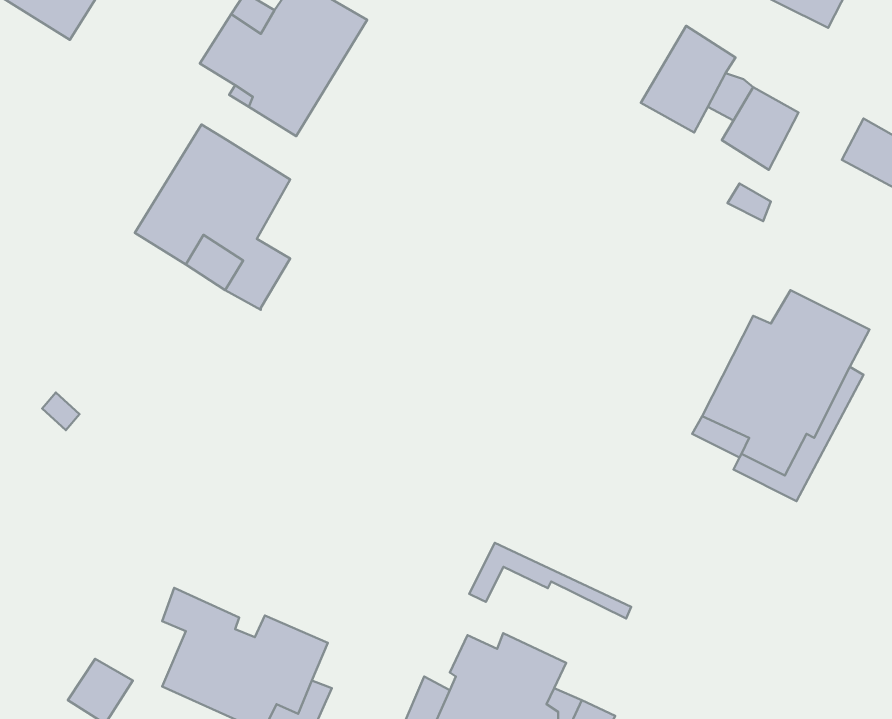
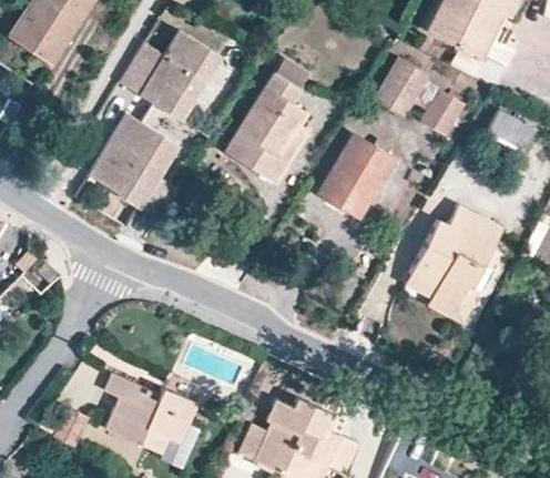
building: none -> [225,73,307,183]
building: none -> [319,135,394,216]
building: [469,543,631,619] -> none

